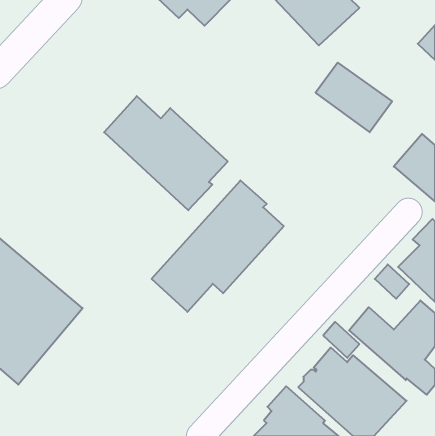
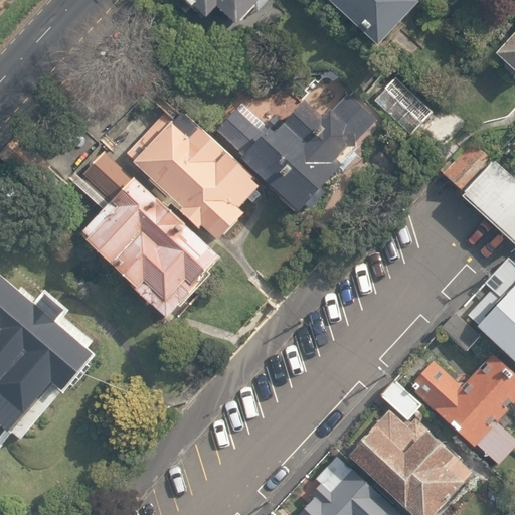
building: none -> [212,82,379,217]
building: none -> [72,151,228,322]
building: [152,180,284,312] -> none

